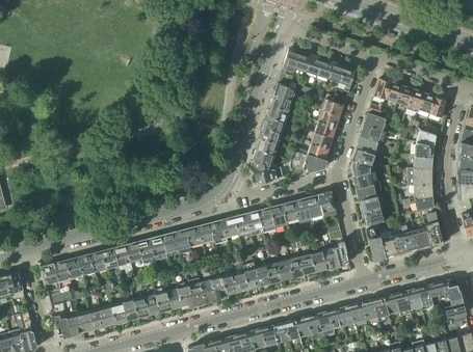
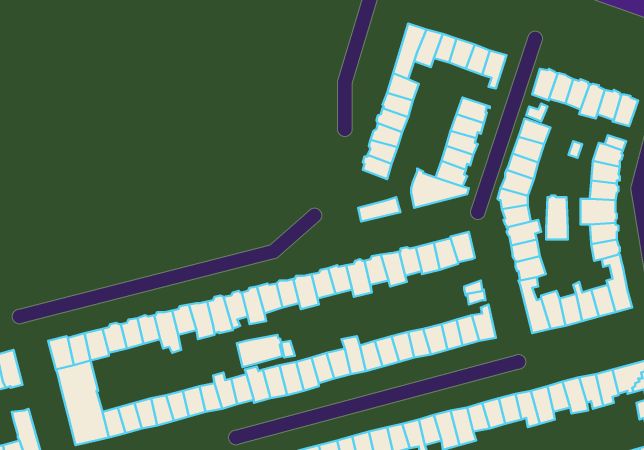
building: [252,148,277,174] -> none
building: none -> [546,195,568,239]
building: none -> [237,335,282,367]

